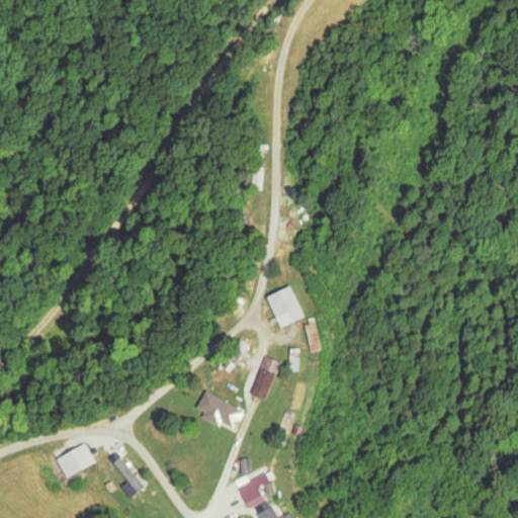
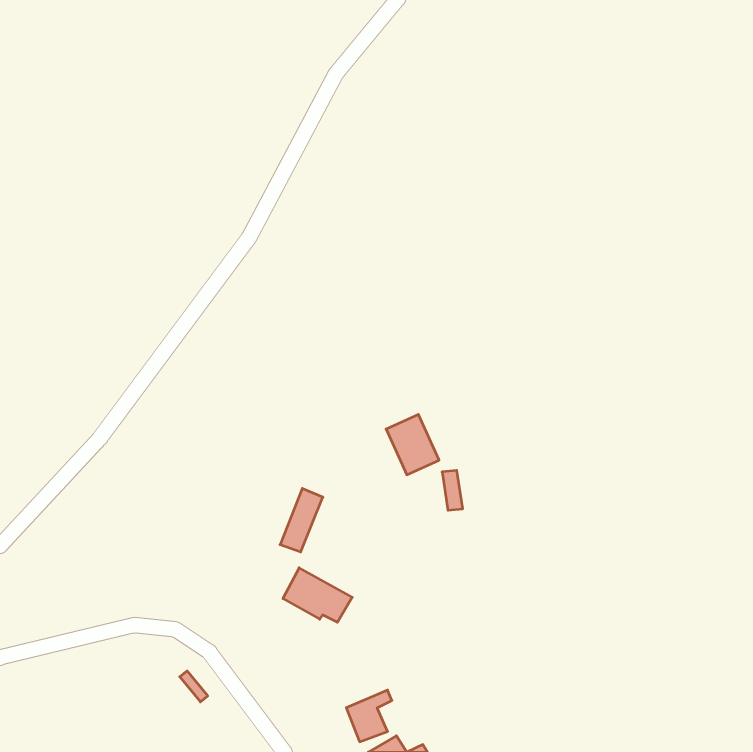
building: [251,355,280,399] -> [280,488,323,552]
building: [64,443,100,478] -> none

